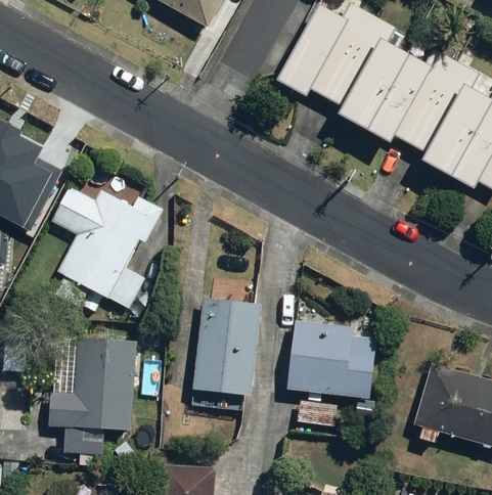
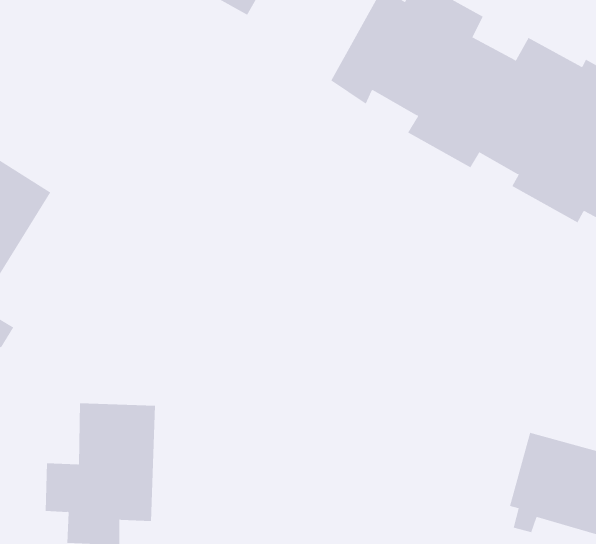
building: [52,184,161,310] -> none
building: [192,297,260,412] -> none
building: [286,318,375,422] -> none

